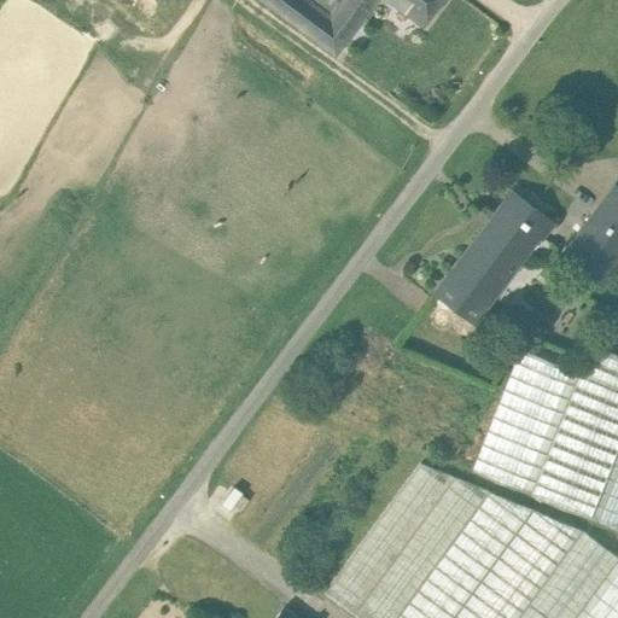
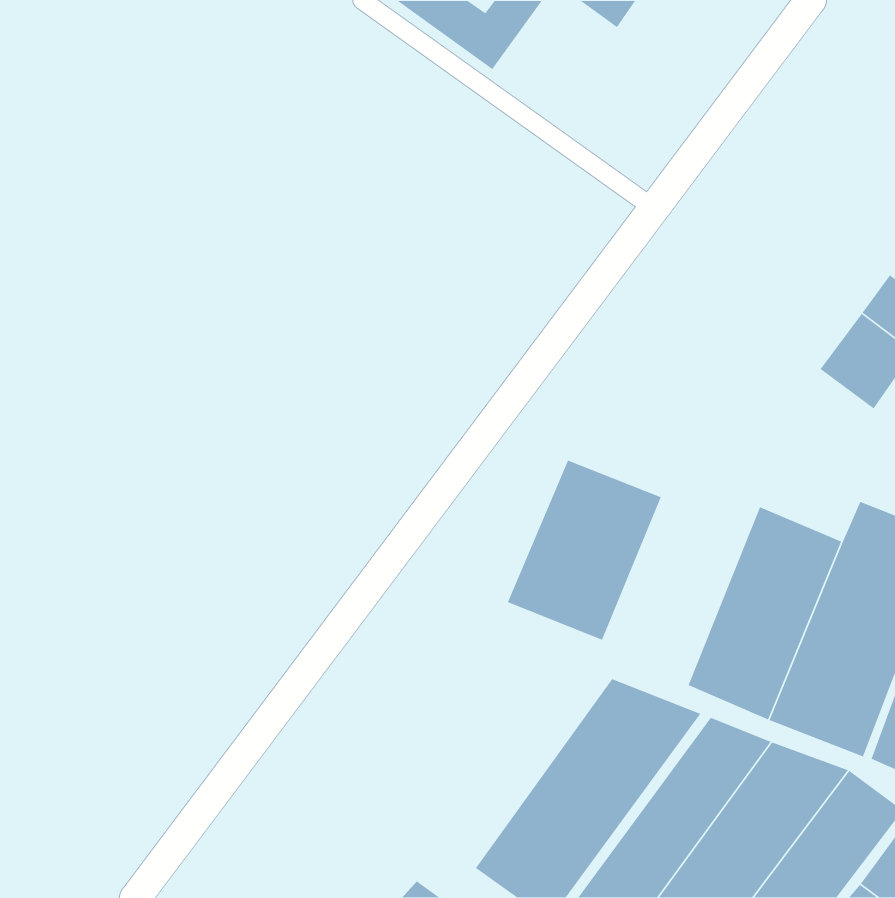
building: [438,196,550,322] -> none
building: none -> [507,460,662,641]

